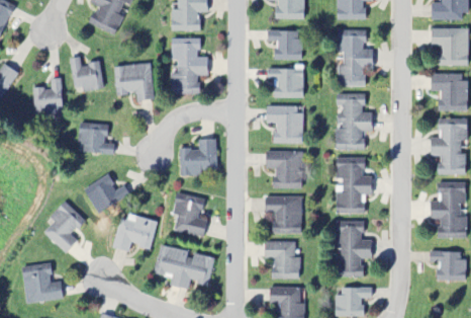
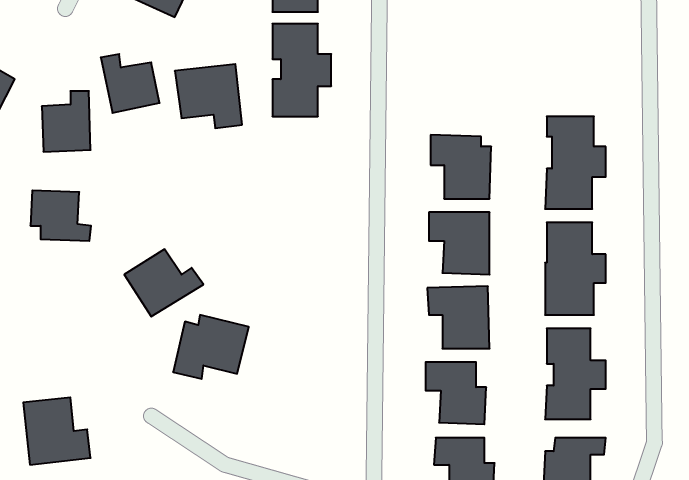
building: [267,29,302,59] -> none
building: [337,29,373,85] -> none
building: [268,68,304,97] -> none
building: [78,123,114,153] -> [30,190,91,241]
building: [180,138,216,173] -> none
building: [173,192,207,235] -> none
building: [43,201,85,253] -> none
building: [155,244,213,289] -> none

